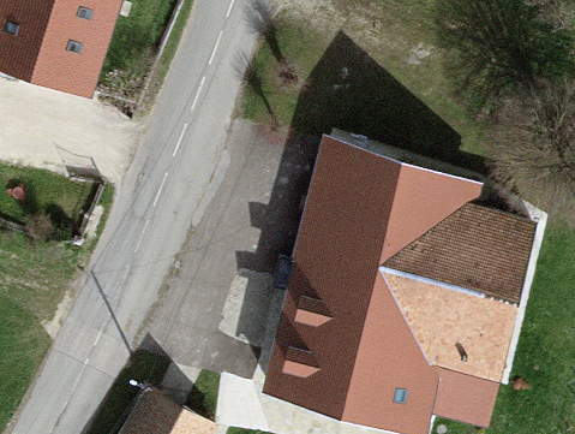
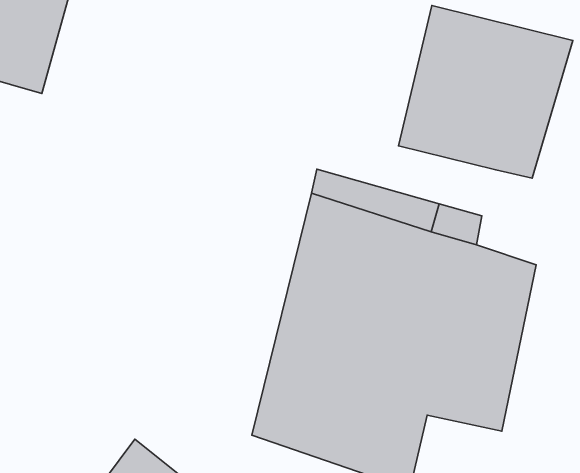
building: none -> [398,6,573,178]

